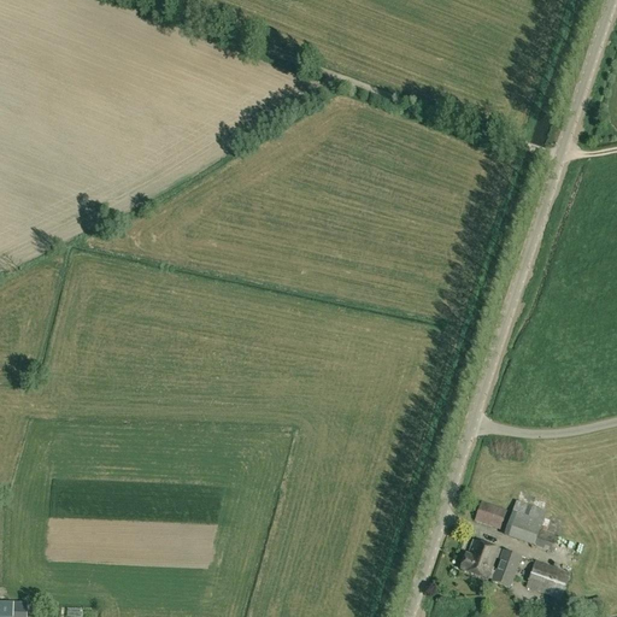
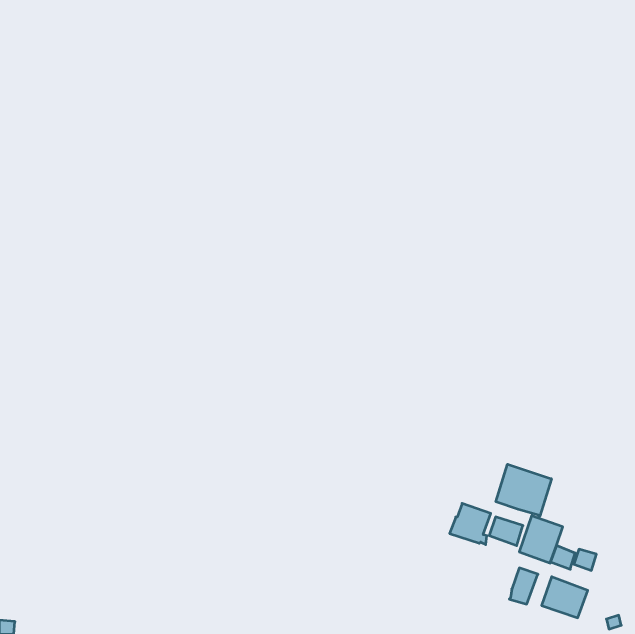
building: none -> [496,464,551,516]
building: [459,539,499,578] -> [450,503,491,545]

